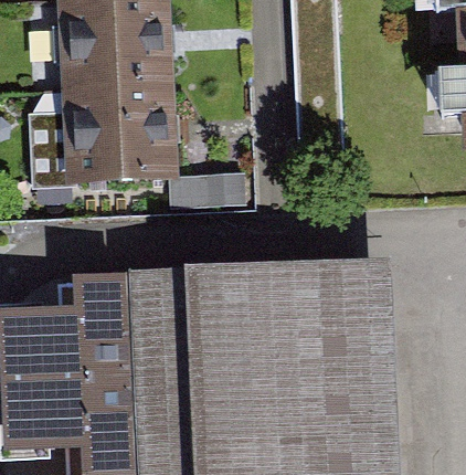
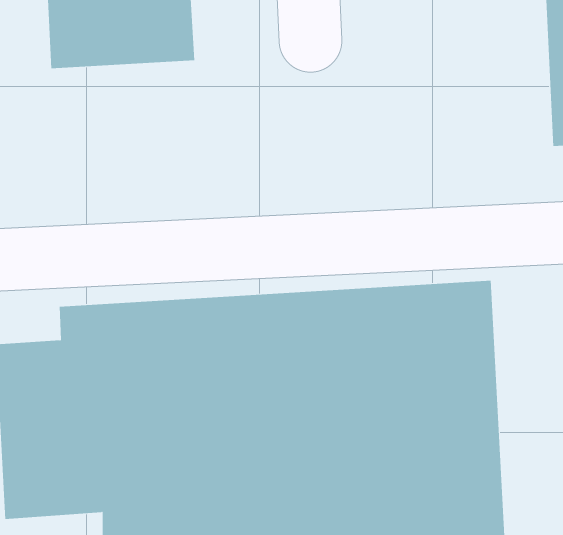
building: [56,84,176,184] -> none

